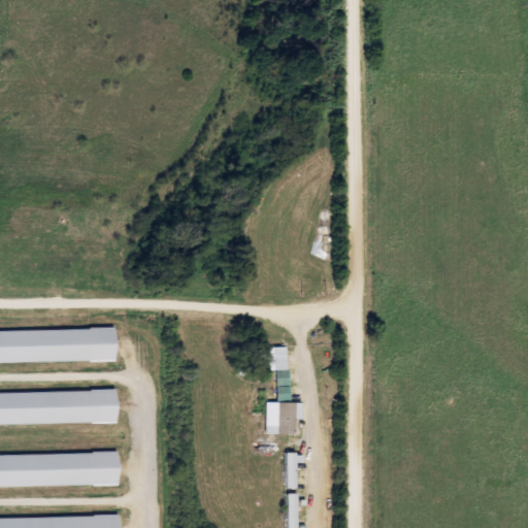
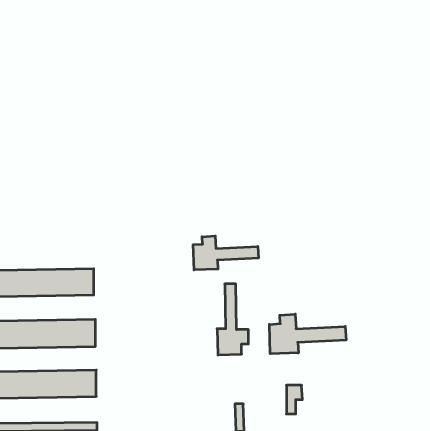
building: none -> [193,236,258,270]
building: none -> [269,314,346,354]
building: [286,453,305,488] -> [286,385,302,414]

